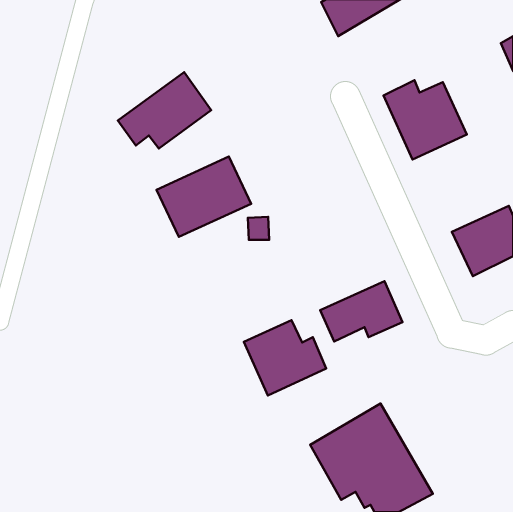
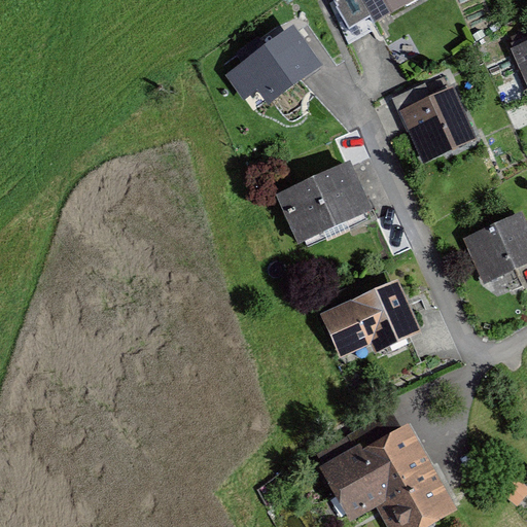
building: [118,72,211,148] -> [225,25,321,103]
building: [157,157,251,237] -> [276,160,373,242]
building: [244,320,326,395] -> none

